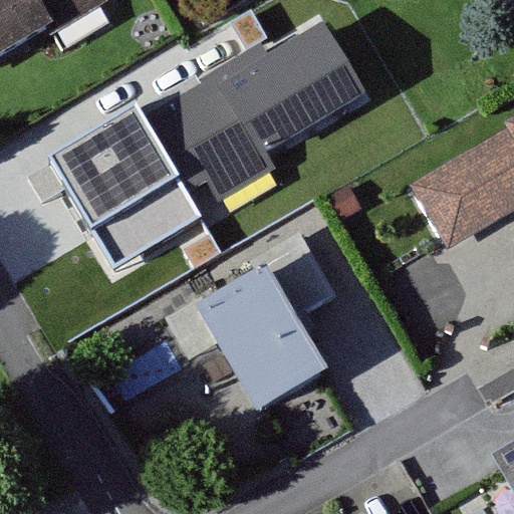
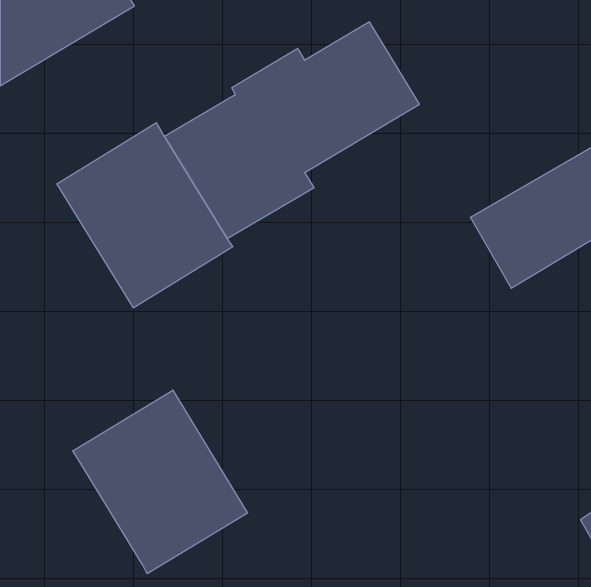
building: [197,231,336,404] -> none
building: none -> [73,390,247,574]

